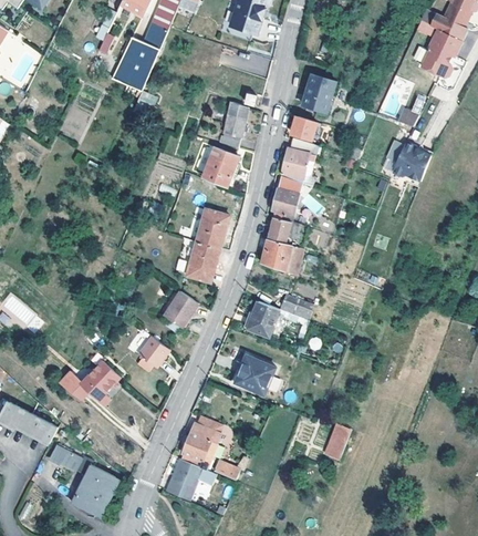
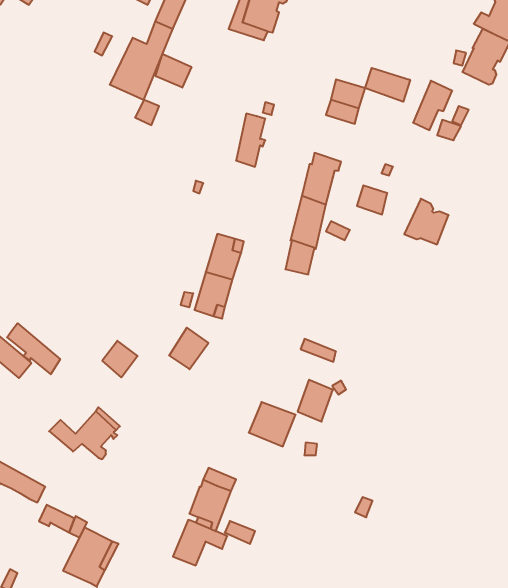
building: none -> [156,54,191,88]
building: none -> [365,68,410,102]
building: [290,115,316,141] -> [357,185,387,215]
building: [393,137,432,177] -> [404,199,449,244]
building: [202,146,238,187] -> none
building: [259,239,302,275] -> none
building: none -> [7,323,60,374]
building: [247,300,278,337] -> [298,380,333,422]
building: [137,337,168,369] -> [102,341,138,377]

